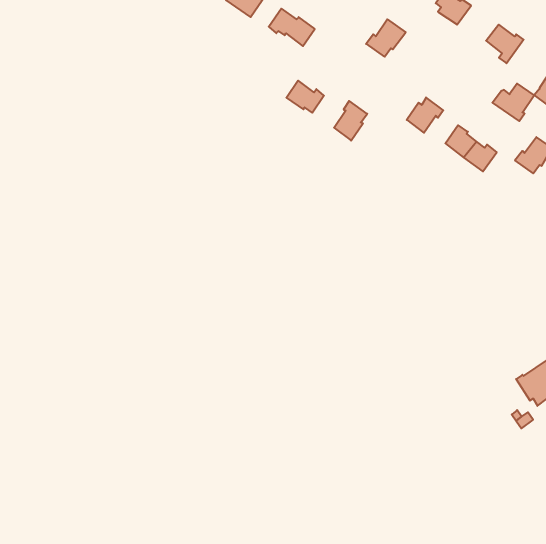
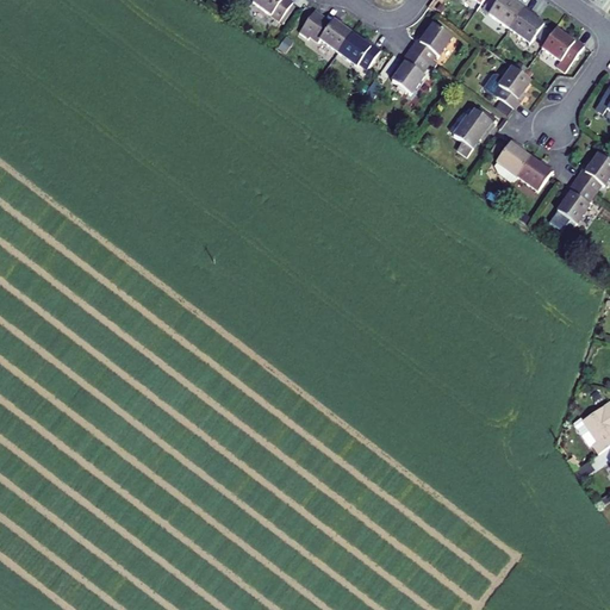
building: none -> [510,6,544,43]
building: [286,81,324,113] -> [338,32,380,68]
building: [492,84,534,121] -> [485,66,531,107]
building: [334,101,367,141] -> [392,49,429,93]
building: none -> [558,179,595,223]

